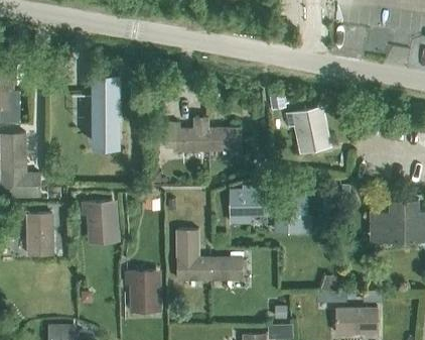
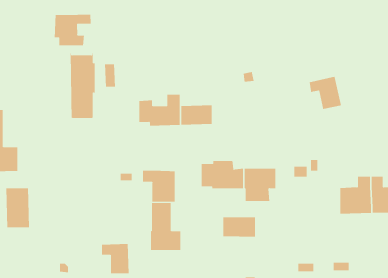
building: none -> [54,14,91,46]
building: [289,109,323,143] -> [309,76,342,110]
building: none -> [143,170,175,202]
building: [83,203,113,234] -> none
building: [208,259,243,280] -> [223,217,256,237]

